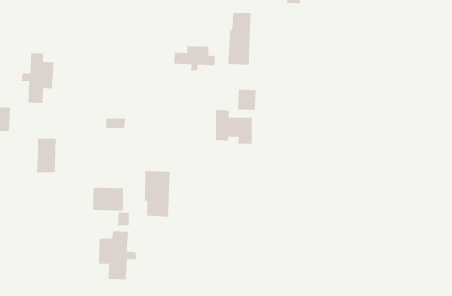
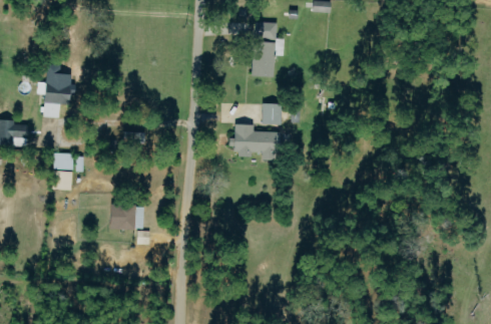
building: [174,46,215,71] -> none
building: [144,171,170,217] -> none
building: [98,231,136,280] -> none

